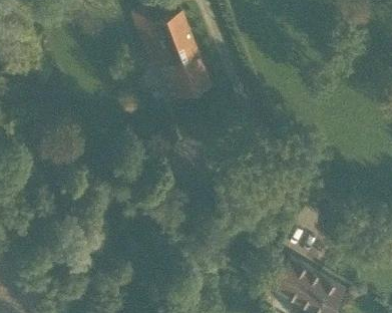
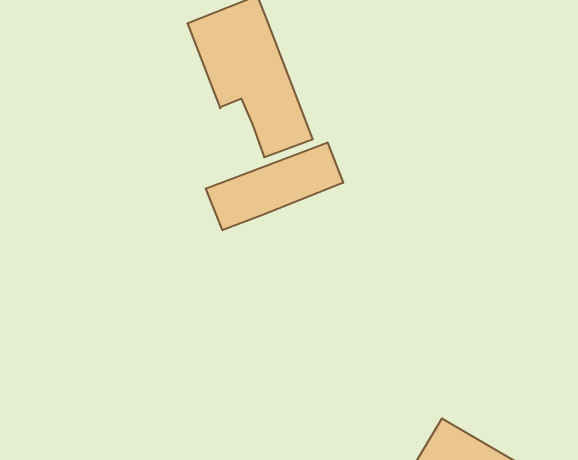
building: none -> [206,142,343,230]

